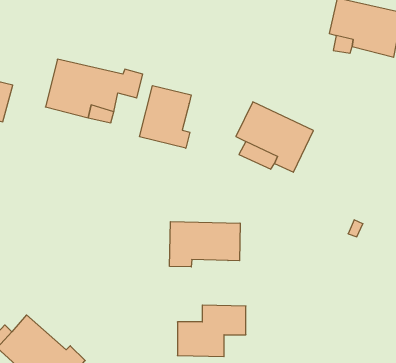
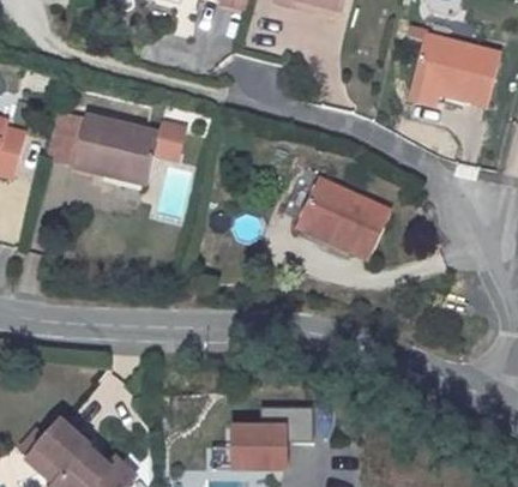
building: none -> [47,101,86,166]
building: [140,86,191,148] -> none
building: [170,222,240,267] -> none

